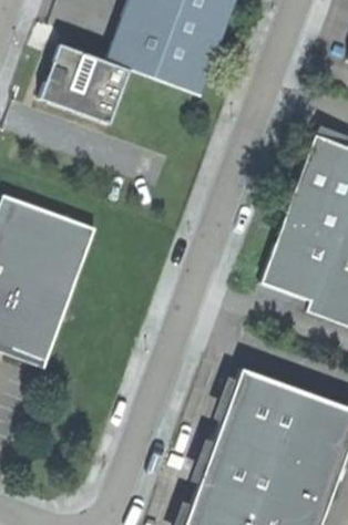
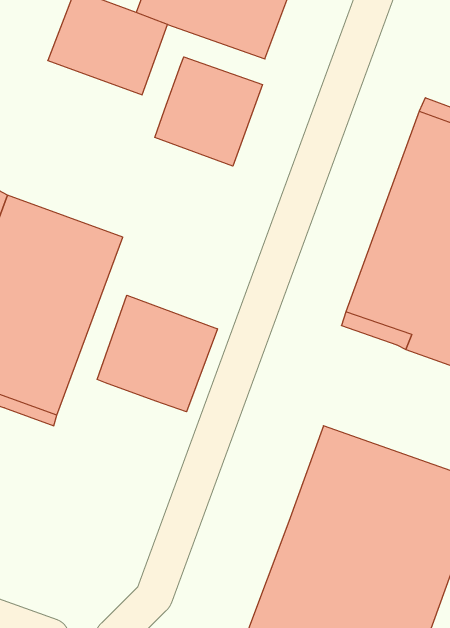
building: none -> [155,57,263,166]
building: none -> [97,295,217,412]

